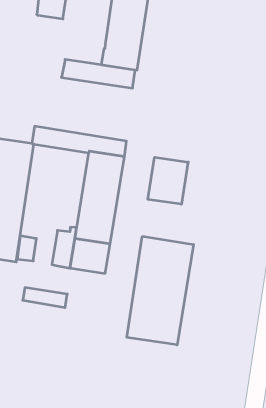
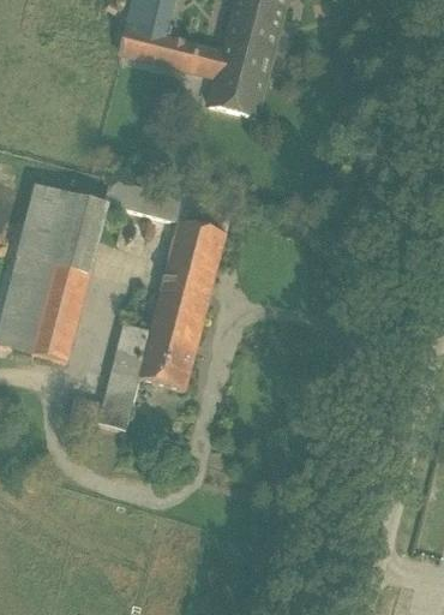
building: [61,59,135,88] -> [121,29,222,77]
building: [148,157,188,204] -> none
building: [17,236,36,261] -> [110,370,139,406]
building: [127,237,193,345] -> none

